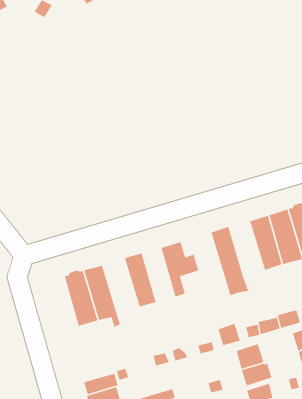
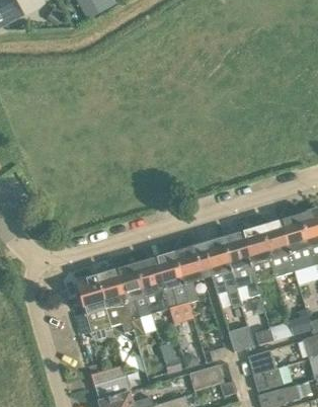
building: none -> [240,227,275,282]
building: none -> [192,238,242,309]
building: none -> [154,253,190,323]
building: none -> [114,263,151,338]
building: none -> [188,364,223,389]

